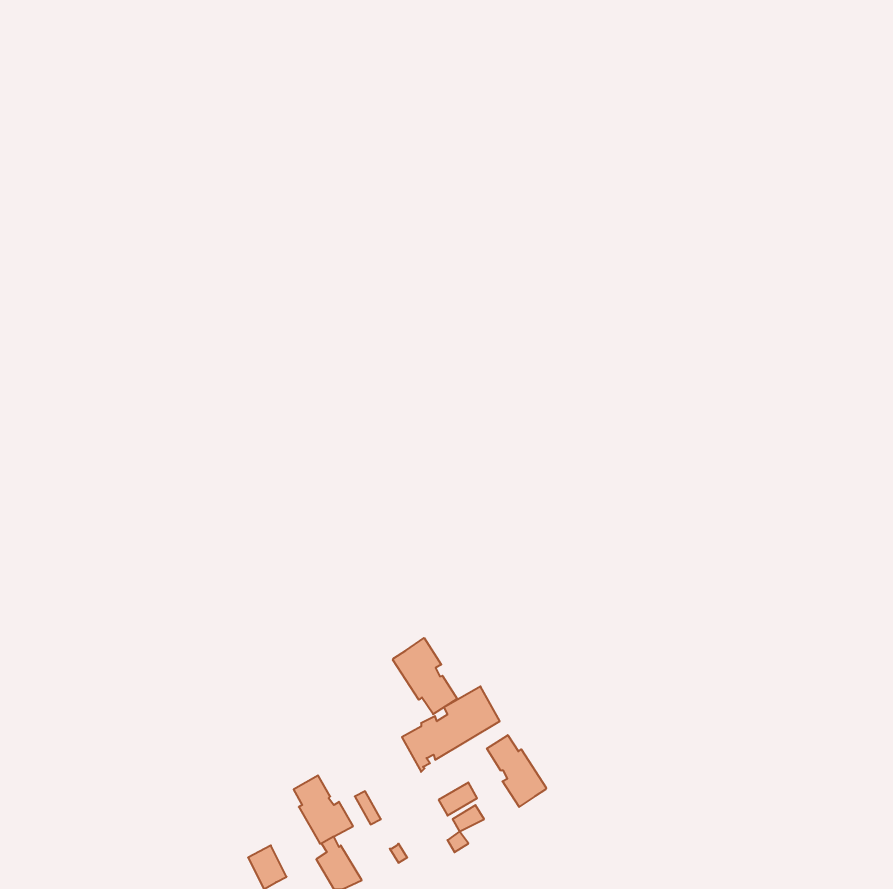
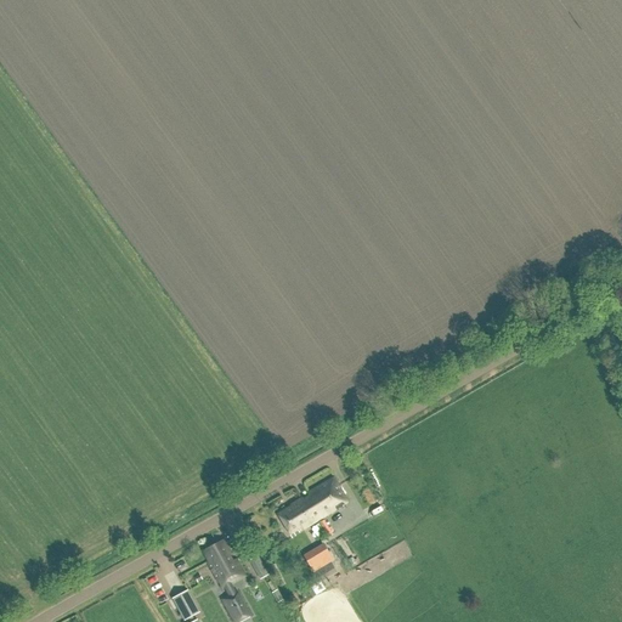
building: [393,638,457,714] -> none
building: [487,735,546,807] -> none

